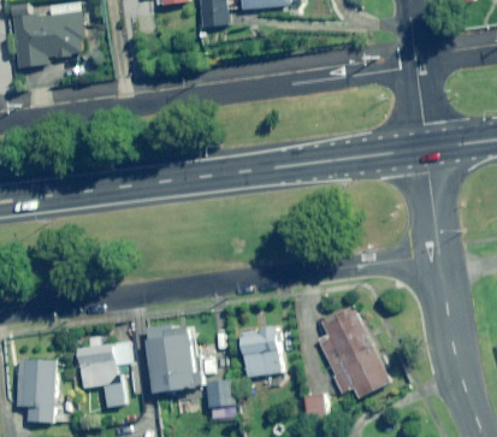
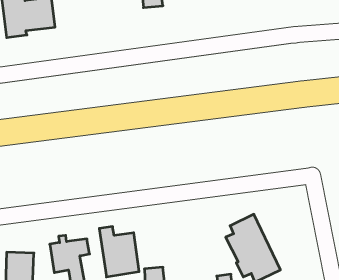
building: [242,329,282,377] -> none

